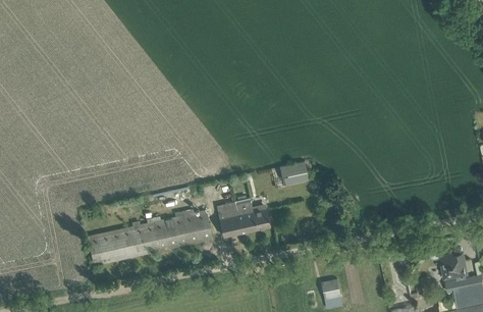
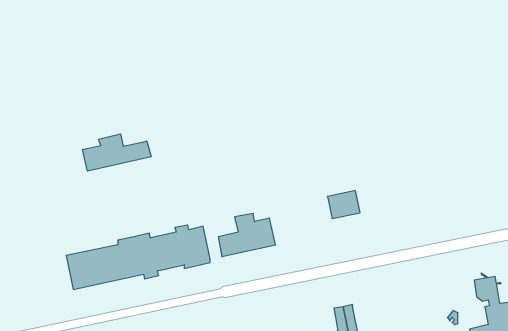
building: none -> [83,134,151,171]
building: [280,161,309,186] -> [327,191,360,219]

